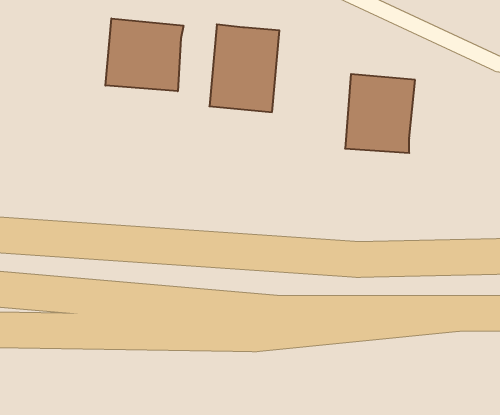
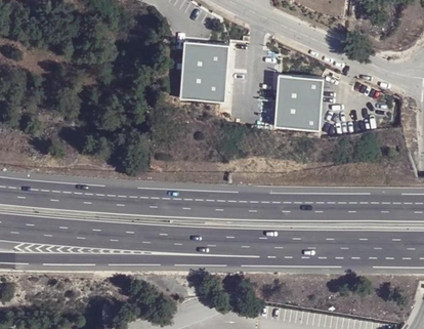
building: [105,18,183,91] -> none

